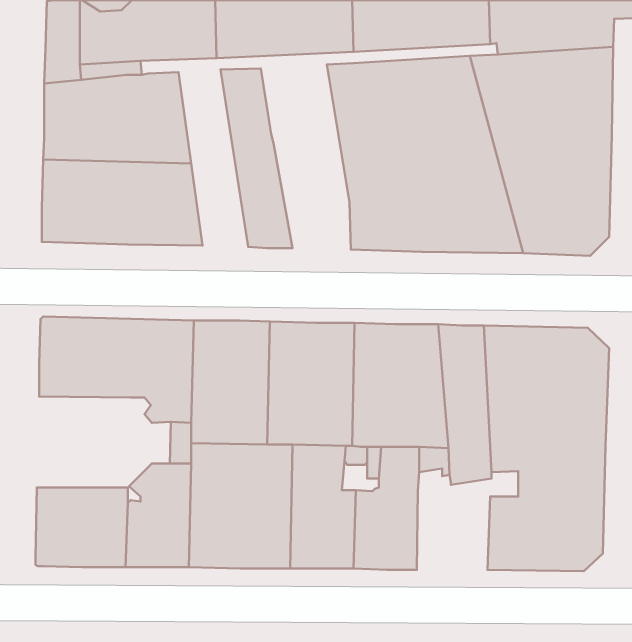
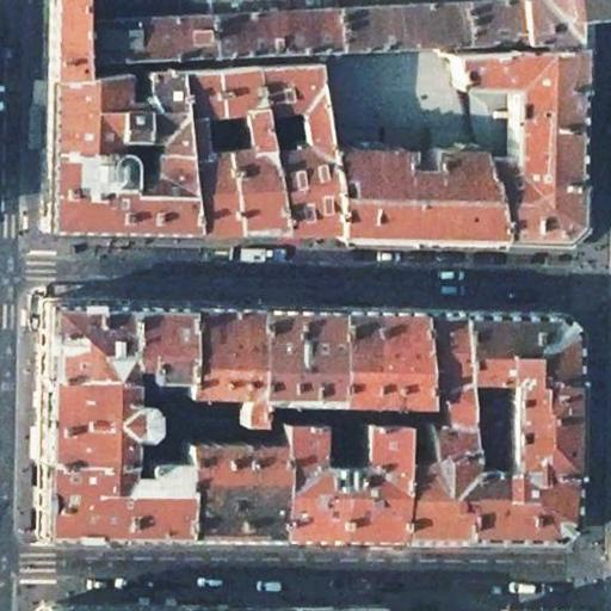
building: none -> [260,66,345,240]
building: none -> [183,70,248,237]
building: none -> [49,378,159,464]
building: none -> [407,456,477,542]

